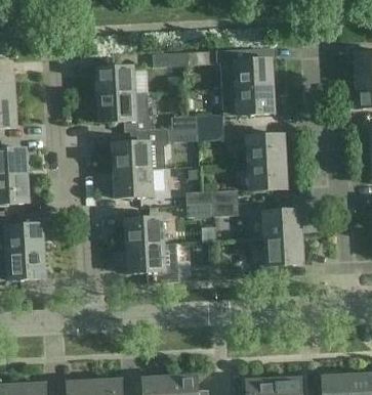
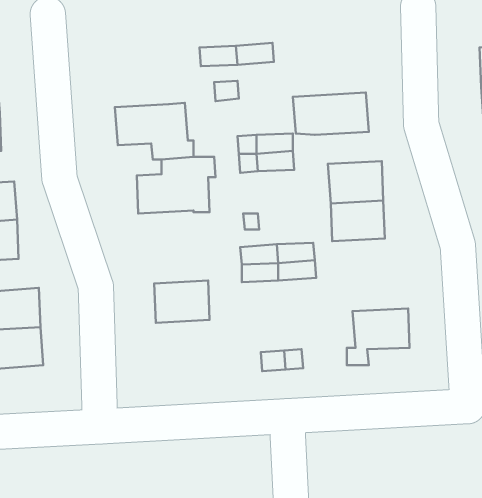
building: [215,48,274,88] -> none
building: [96,65,135,95] -> none
building: [114,168,154,198] -> none
building: [263,209,303,238] -> none
building: [126,244,178,283] -> none

